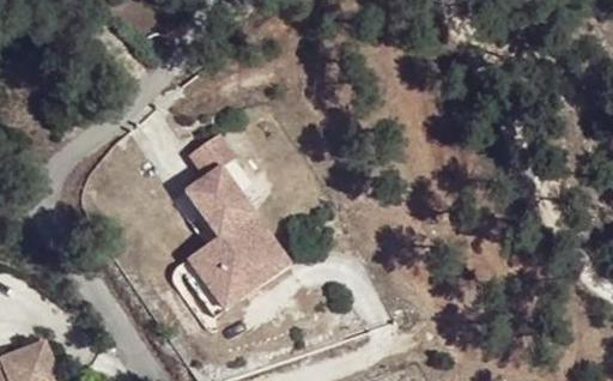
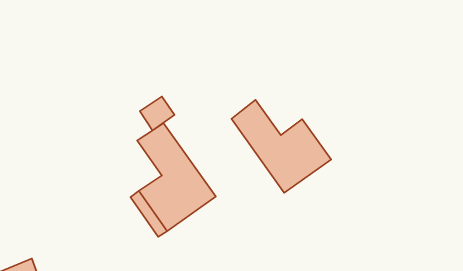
building: none -> [231,100,331,193]

